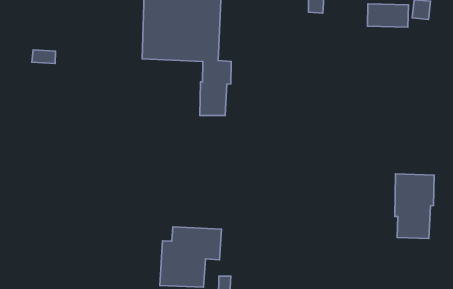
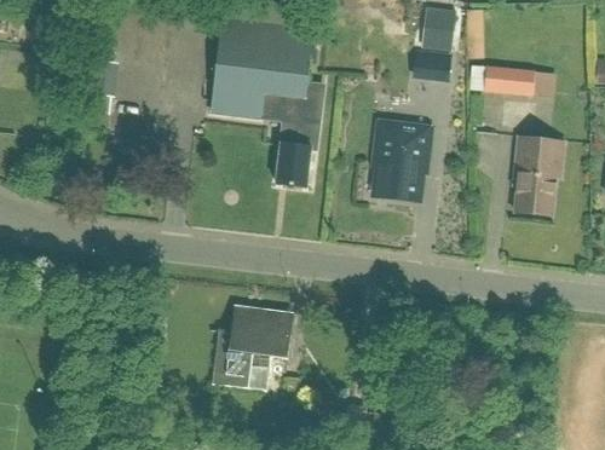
building: none -> [373,121,431,200]
building: [395,174,434,238] -> [512,135,563,215]

